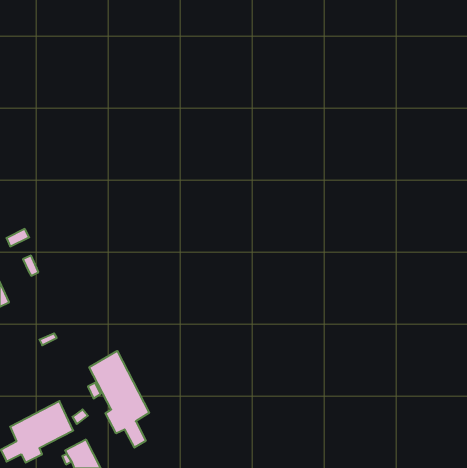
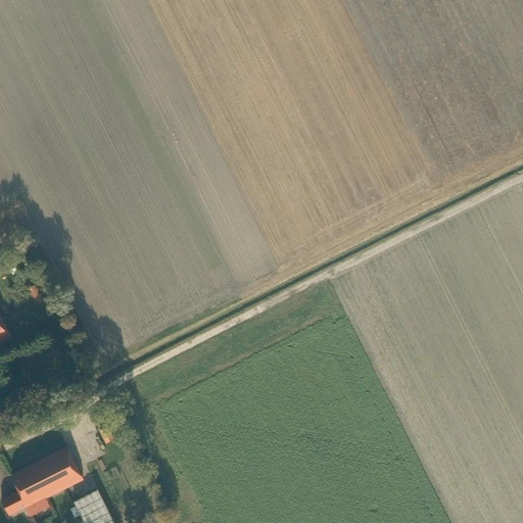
building: [89,351,149,448] -> none

